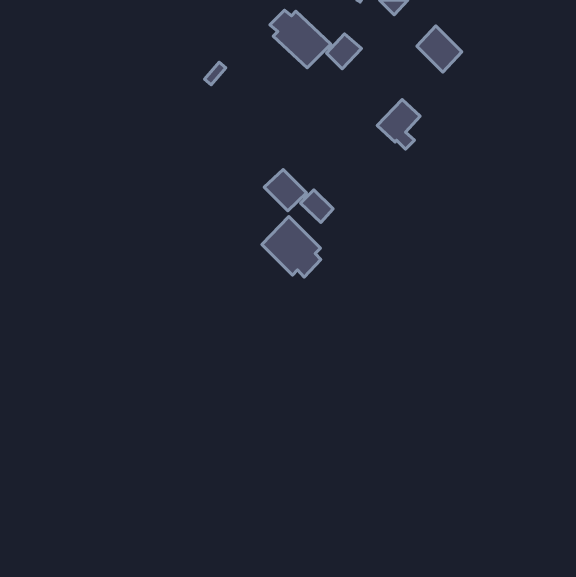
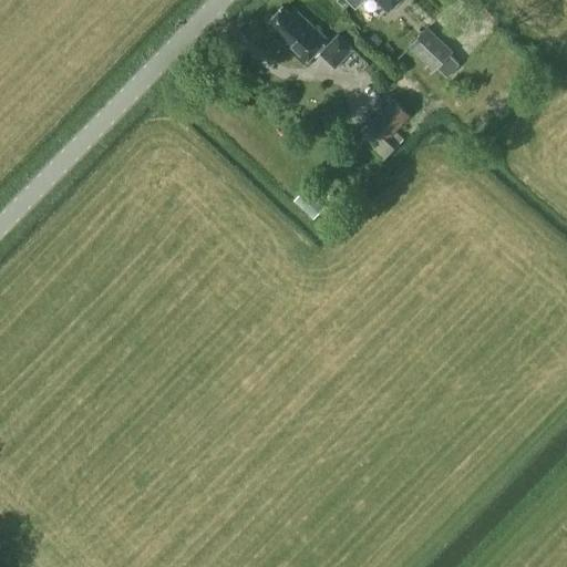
building: [264,169,307,211] -> none
building: [262,216,321,277] -> none

